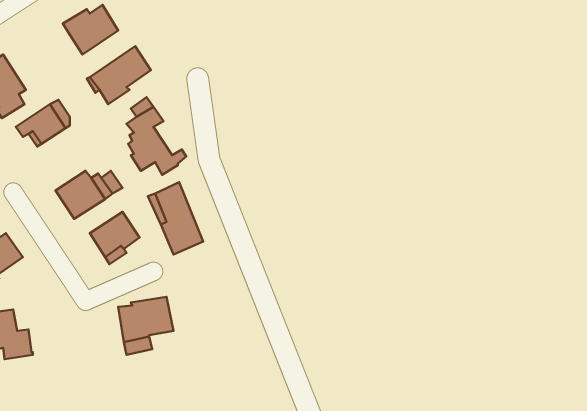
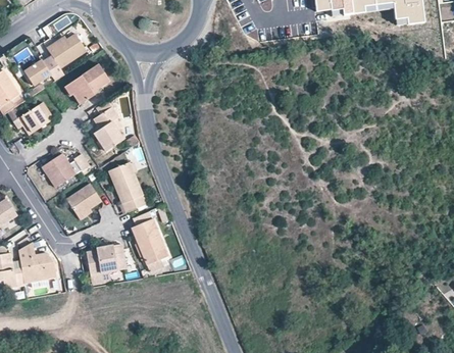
building: none -> [23,54,65,86]
building: none -> [132,217,168,271]
building: none -> [19,241,57,283]

